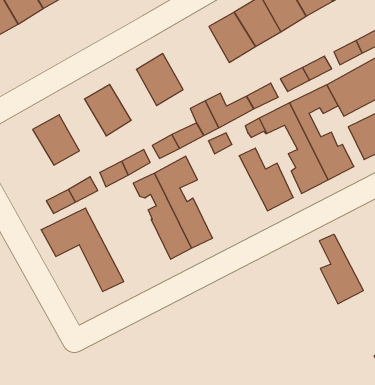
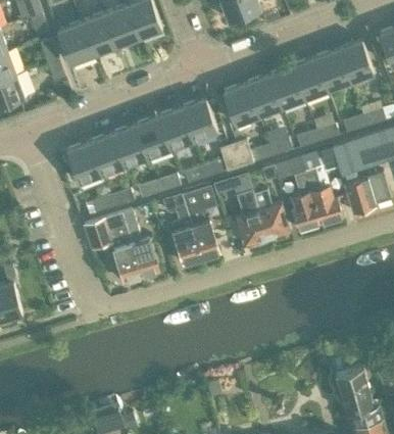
building: none -> [221,85,257,125]
building: none -> [158,109,193,149]
building: none -> [113,126,148,166]
building: none -> [66,143,102,184]
building: none -> [121,210,159,278]
building: [319,235,363,304] -> [236,192,267,248]

